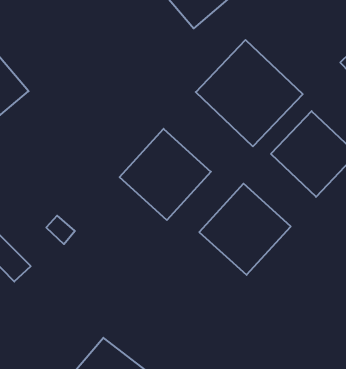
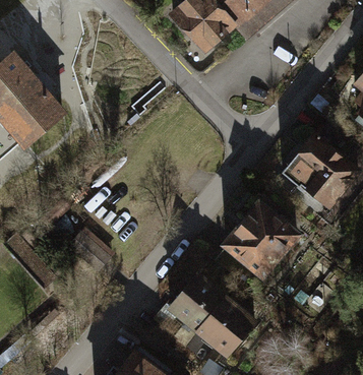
building: [196,40,303,146] -> none
building: [120,129,211,220] -> none
building: none -> [154,265,254,365]

